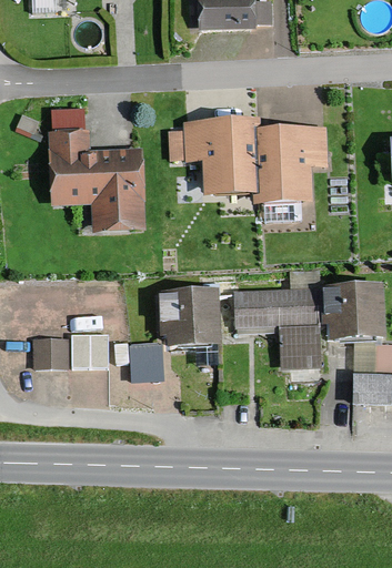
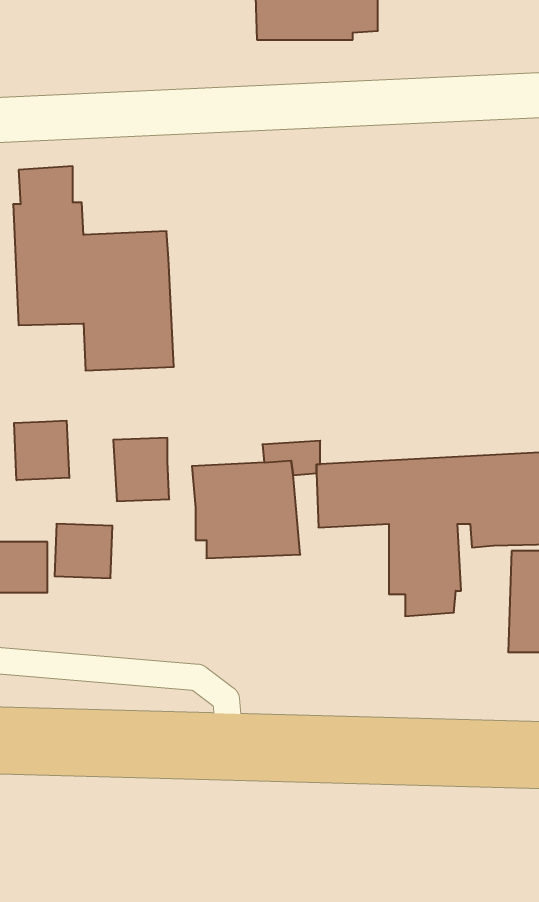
building: [167,116,328,204] -> none
building: none -> [14,421,69,480]
building: [129,342,163,381] -> [113,438,169,501]

